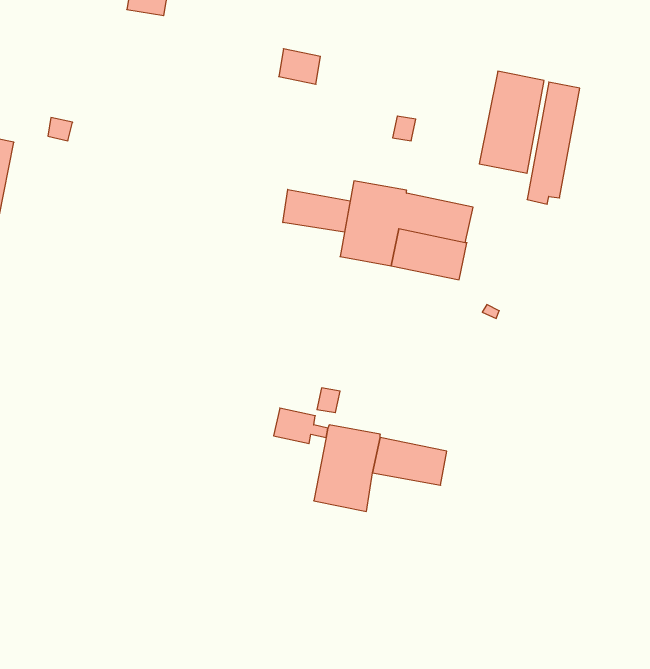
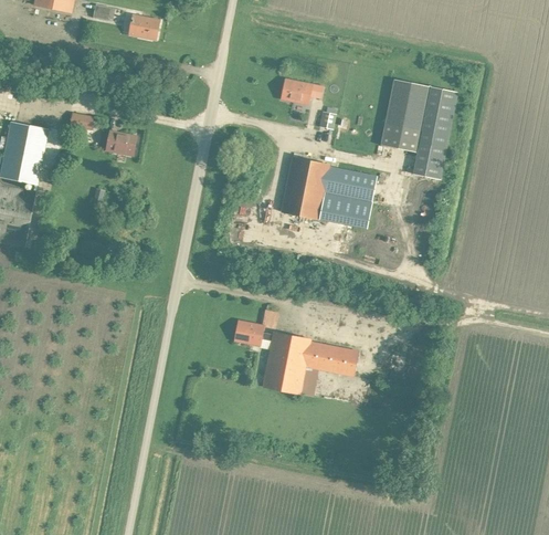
building: [279,49,320,84] -> [282,80,312,105]
building: none -> [106,130,137,156]
building: [283,189,350,232] -> none

